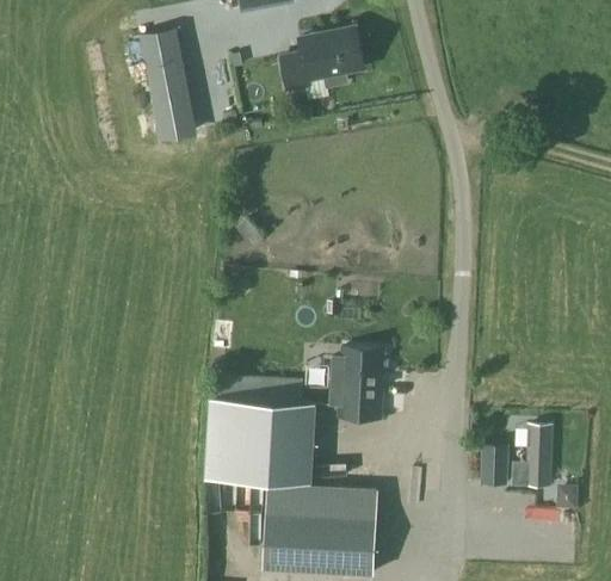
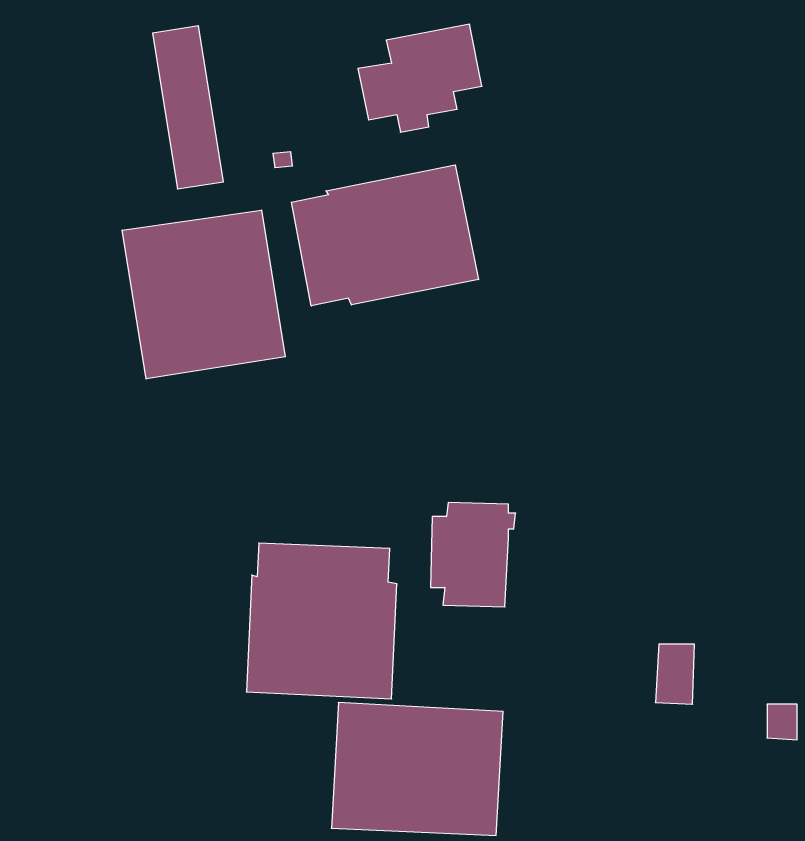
building: none -> [291,165,479,306]
building: none -> [122,210,285,379]
building: [513,426,550,487] -> none

